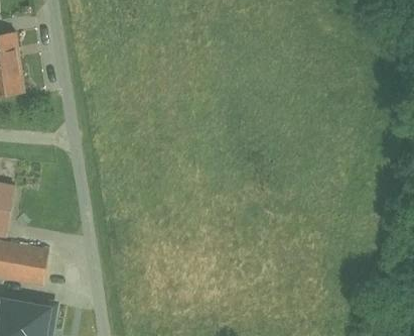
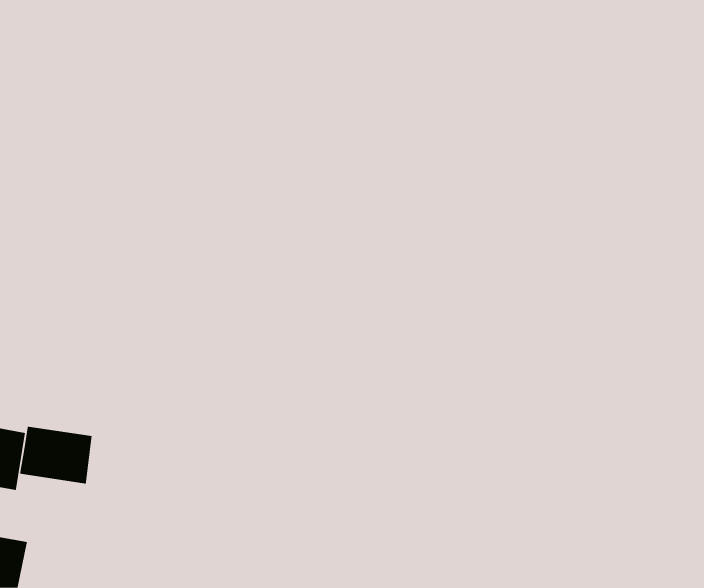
building: none -> [19,426,93,485]

